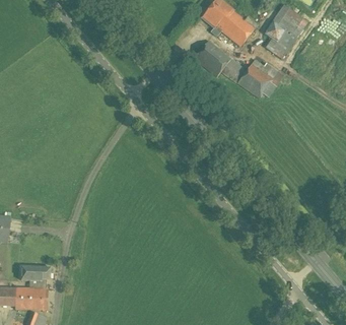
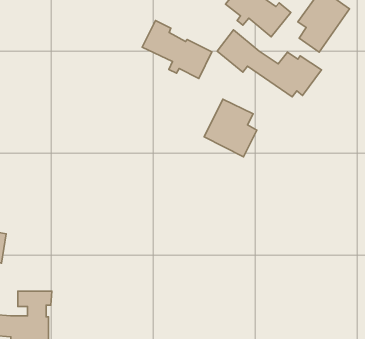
building: none -> [142,20,212,79]
building: none -> [204,99,257,157]

